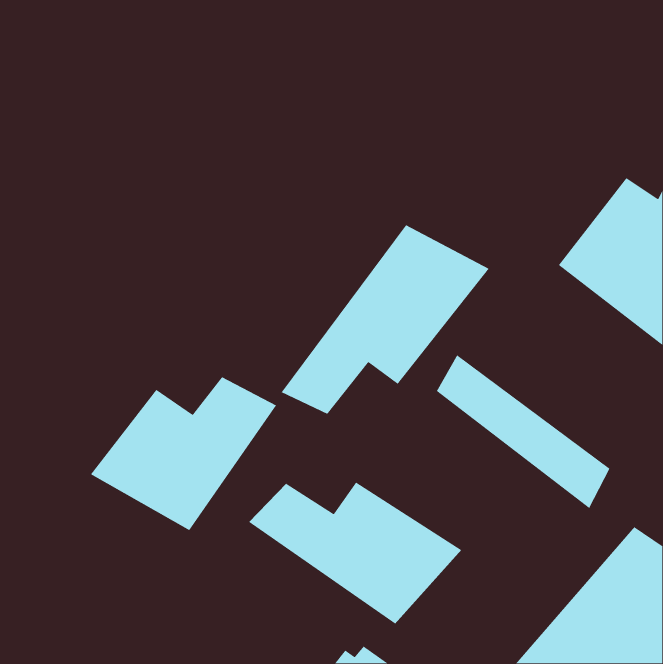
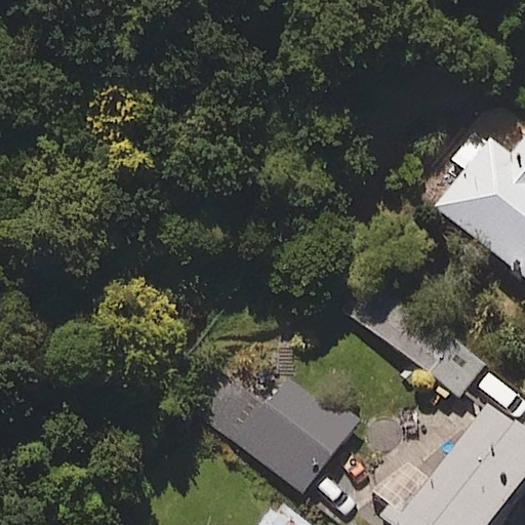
building: [281,224,490,415] -> none
building: [90,376,277,531] -> none

